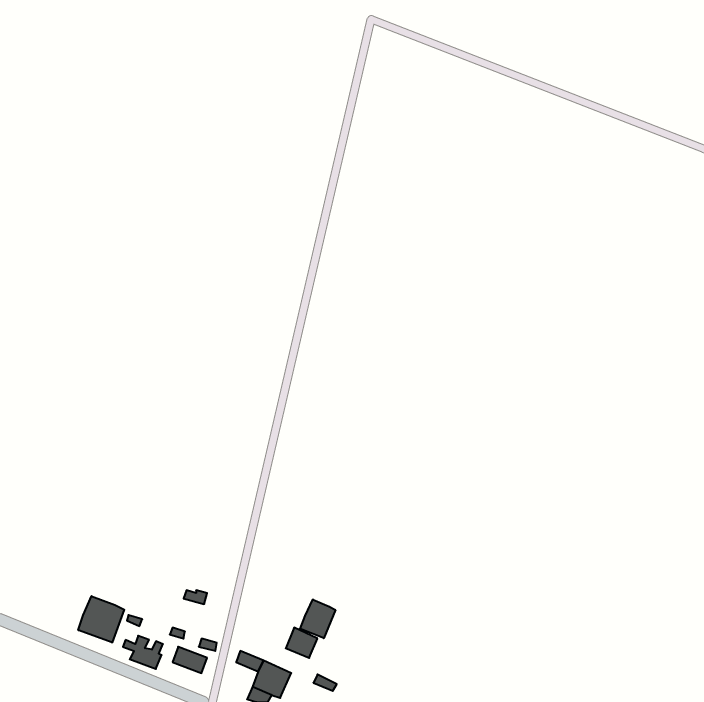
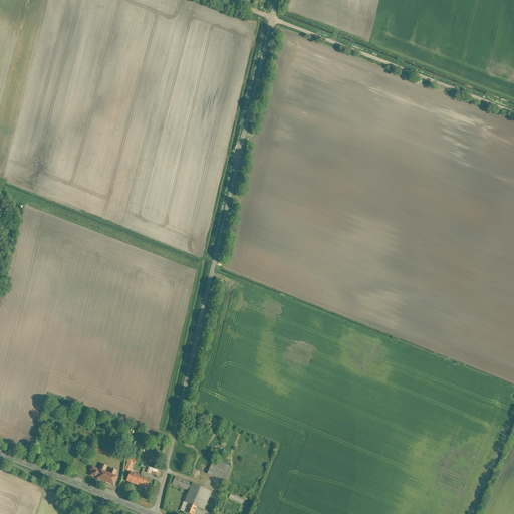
building: [78,596,124,643] -> none
building: [300,599,335,638] -> none

